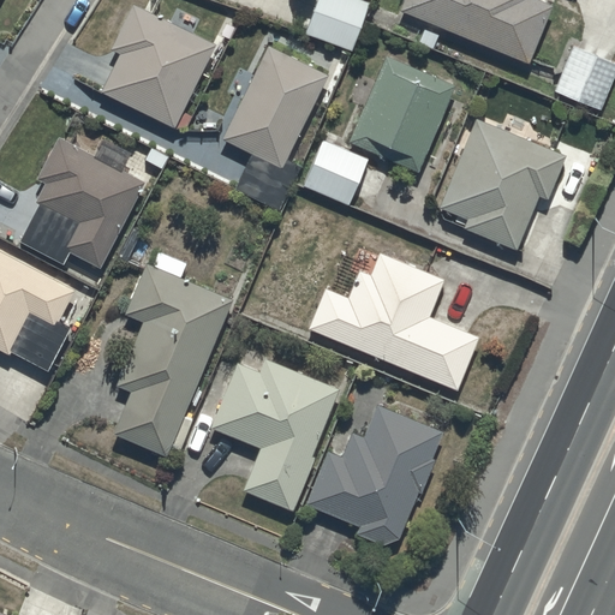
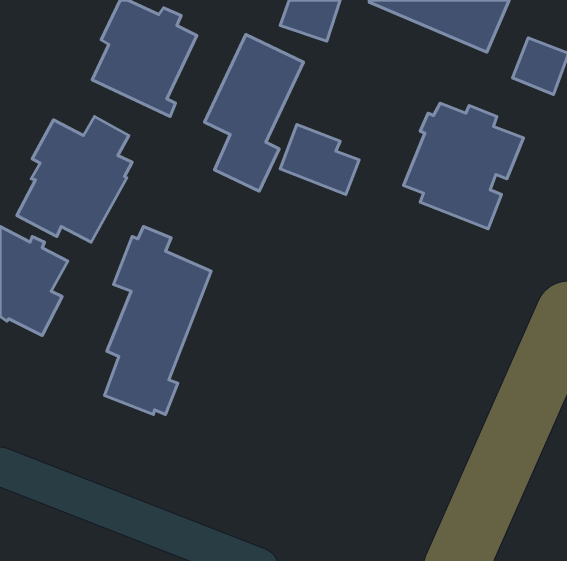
building: [348,58,454,174] -> none
building: [308,251,479,392] -> none
building: [209,358,338,512] -> none
building: [305,404,443,545] -> none

